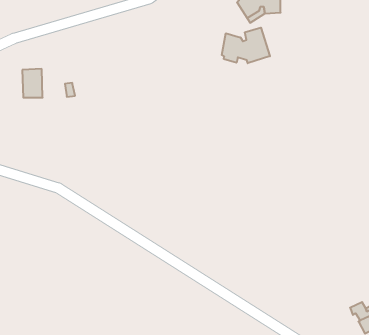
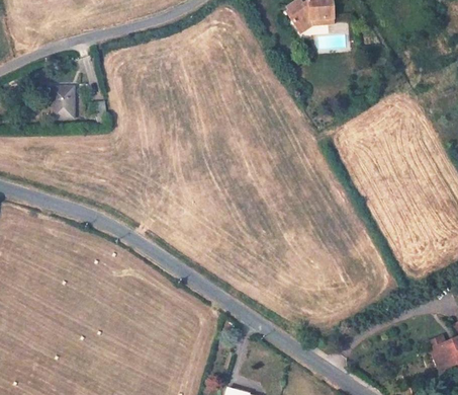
building: [222,28,270,63] -> none

